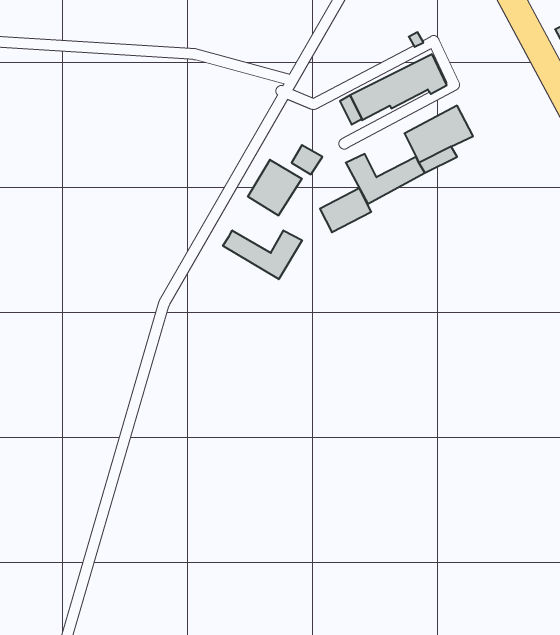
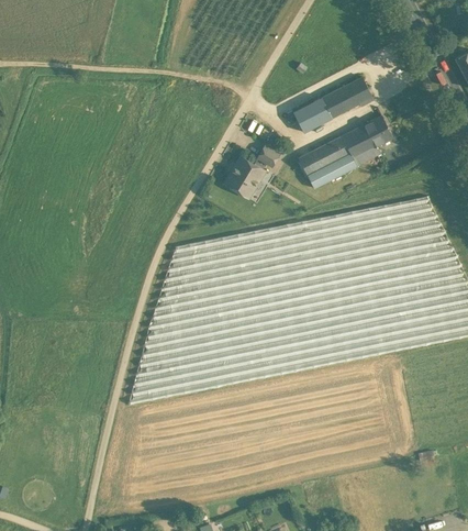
building: [320,188,371,232] -> [312,136,350,169]
building: [223,230,302,279] -> none

